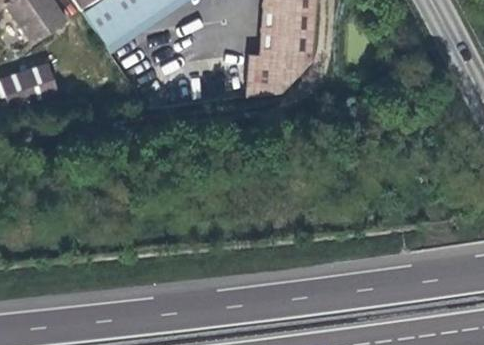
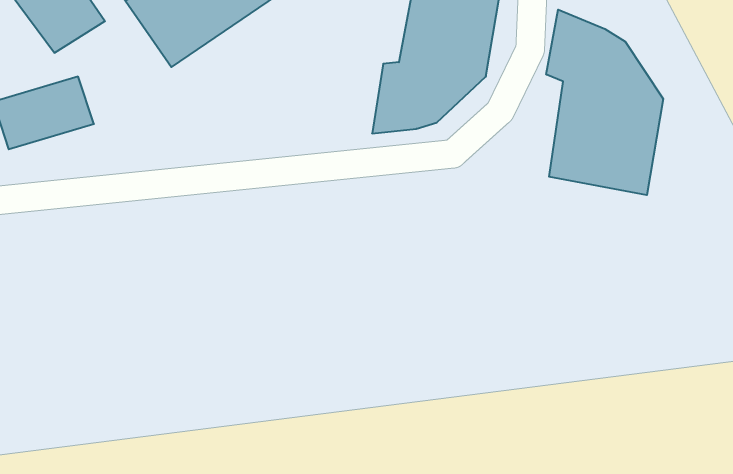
building: none -> [546,10,663,195]

